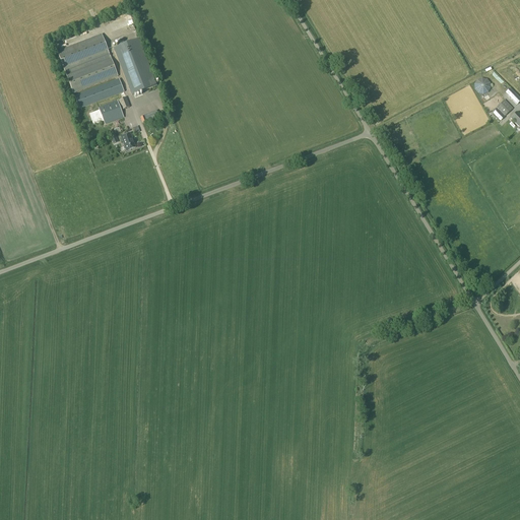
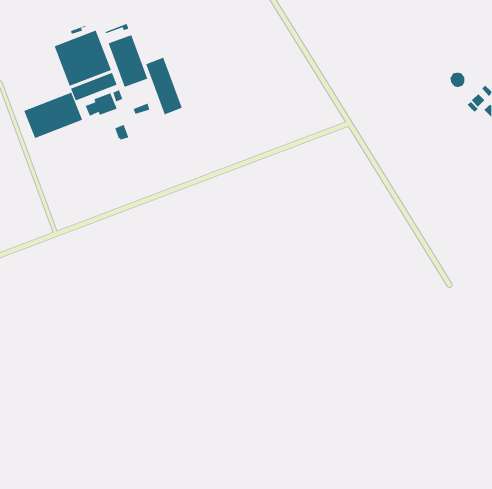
building: none -> [146,57,183,115]
building: none -> [23,92,83,139]

